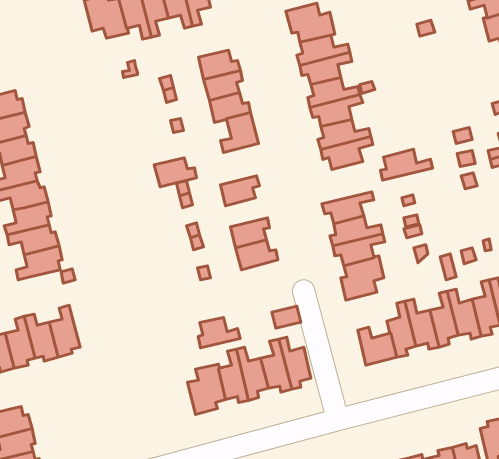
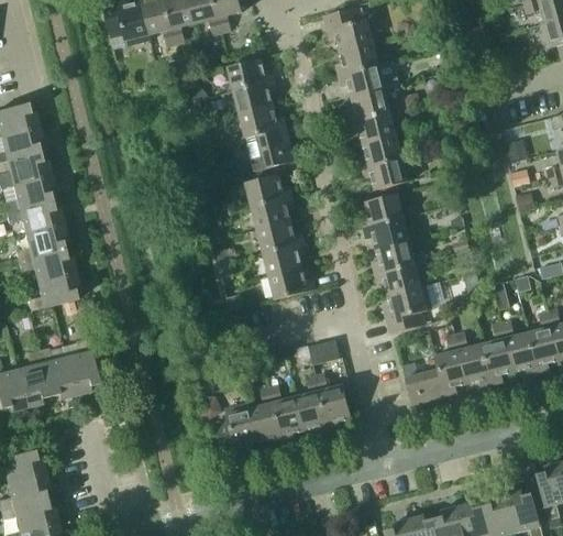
building: [380,149,432,180] -> [361,194,418,228]
building: [154,158,196,187] -> [245,175,291,207]
building: none -> [257,221,303,253]
building: [198,317,240,348] -> none

